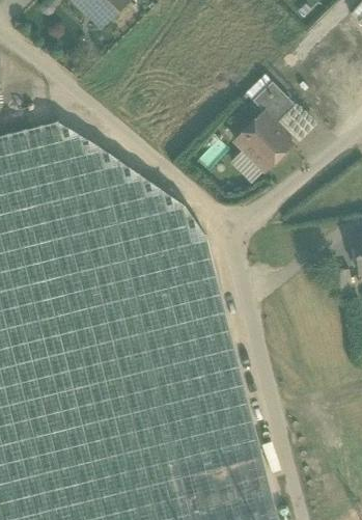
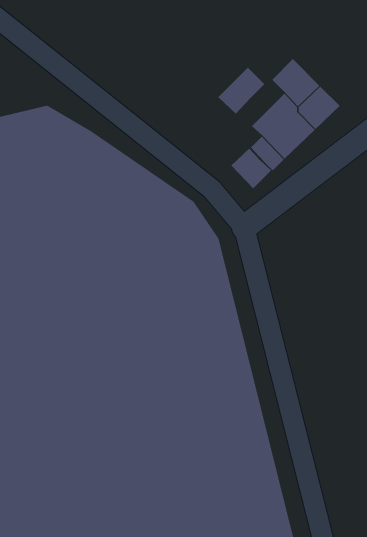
building: none -> [217,67,265,114]
building: none -> [231,148,272,189]

